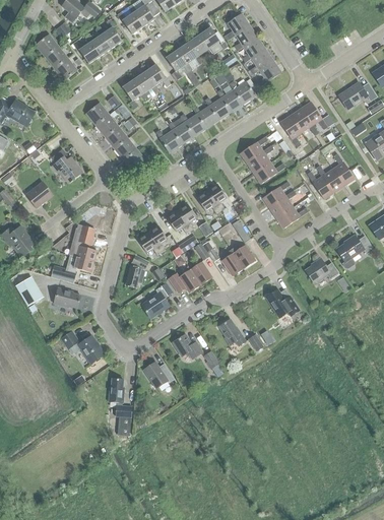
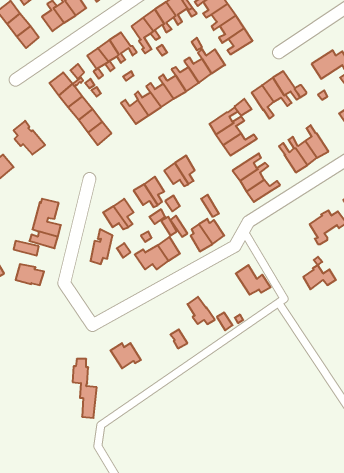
building: [306,259,337,282] -> [303,265,336,289]
building: [141,282,172,318] -> none
building: [60,329,103,362] -> none
building: [172,334,201,359] -> none

